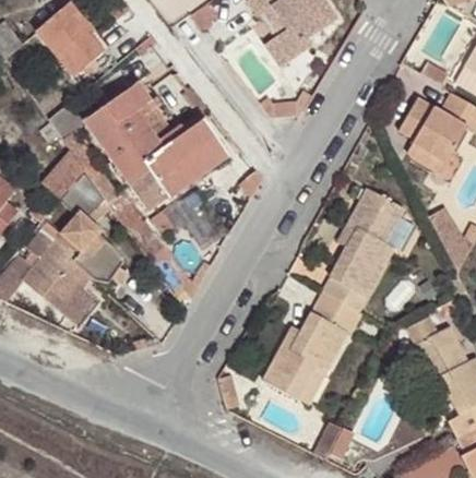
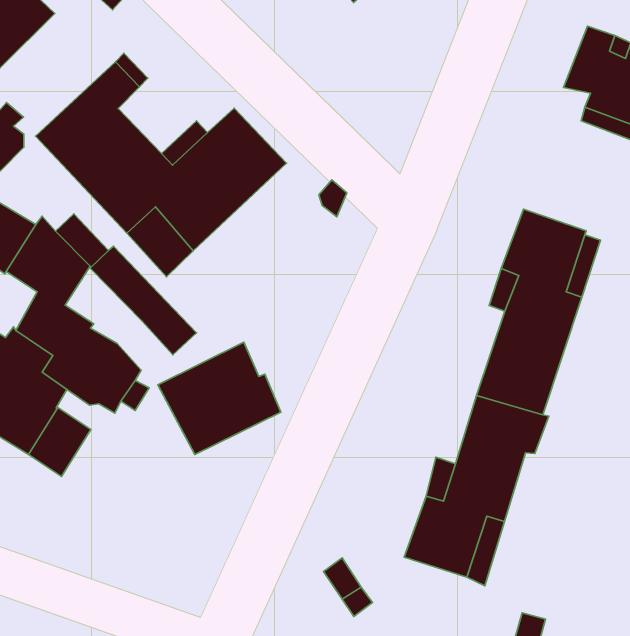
building: none -> [158,342,281,455]

